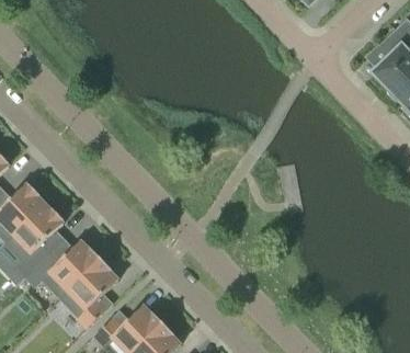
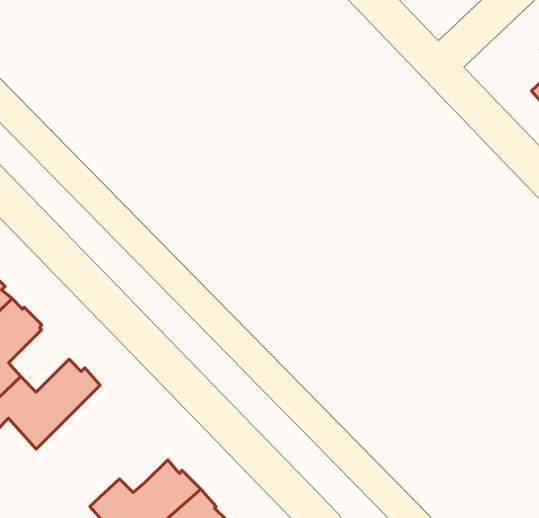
building: [59,257,117,327] -> none

